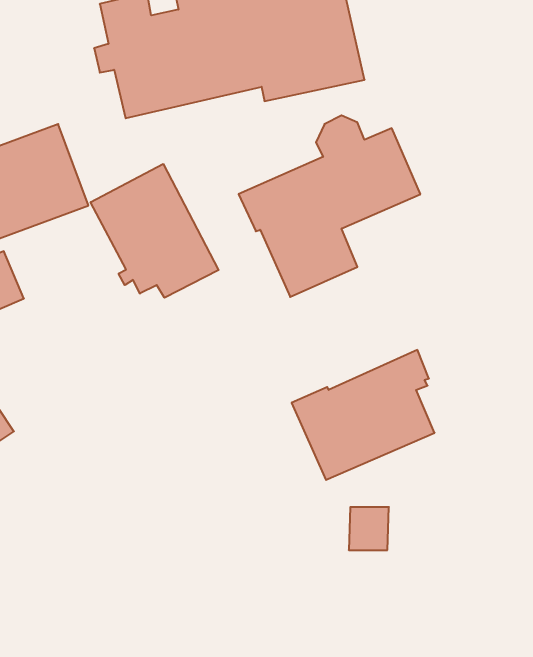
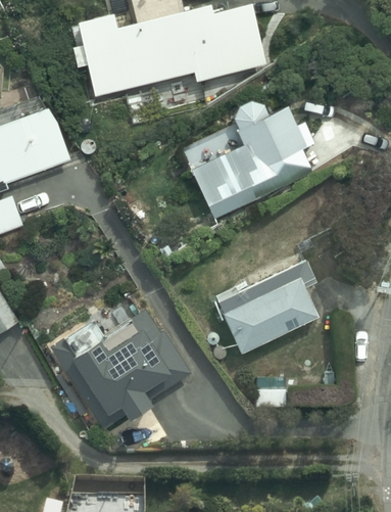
building: [91,164,219,298] -> none
building: none -> [50,302,191,425]

